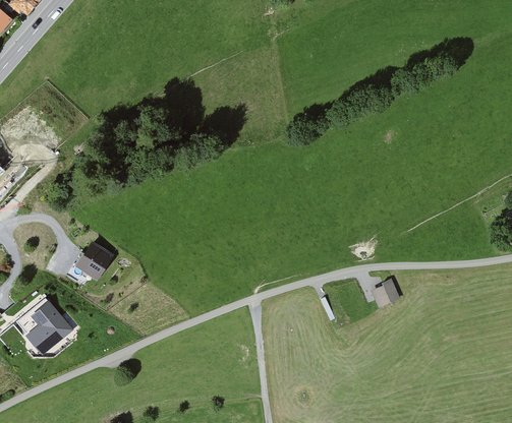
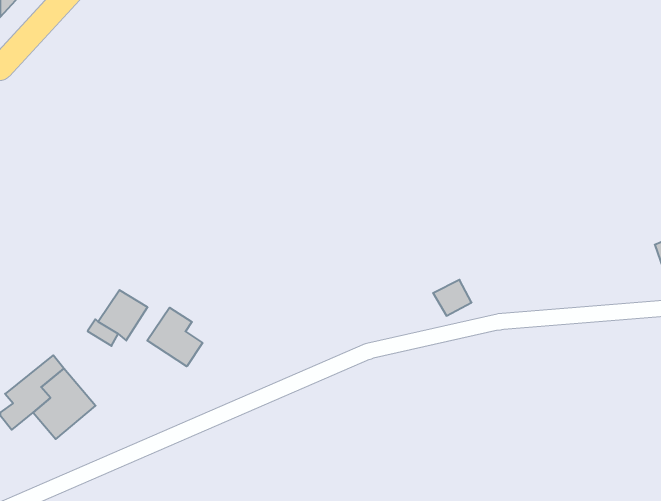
building: none -> [147,308,202,366]
building: [367,279,397,306] -> [433,280,472,316]

